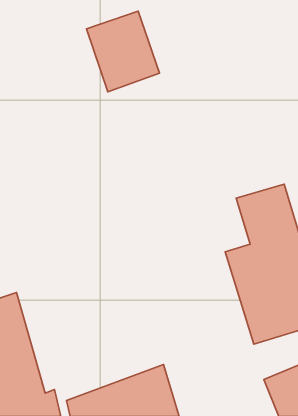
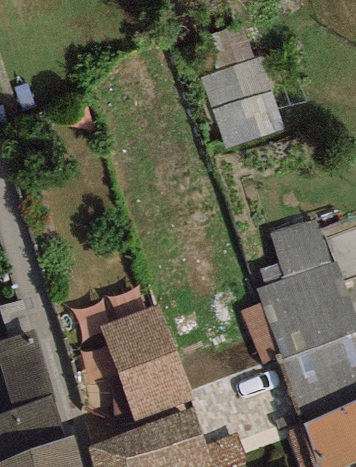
building: [87,11,159,92] -> [204,51,283,138]
building: none -> [96,304,193,422]

